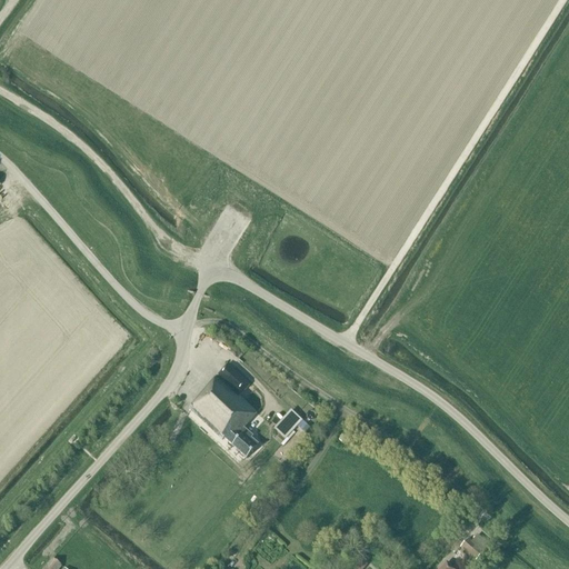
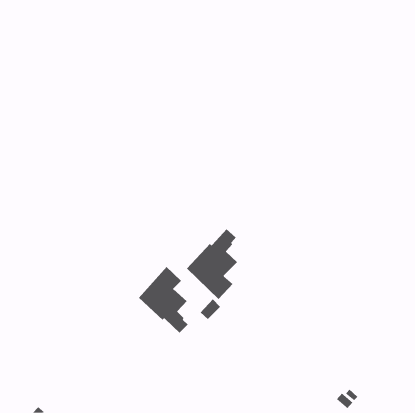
building: none -> [186,229,238,300]

